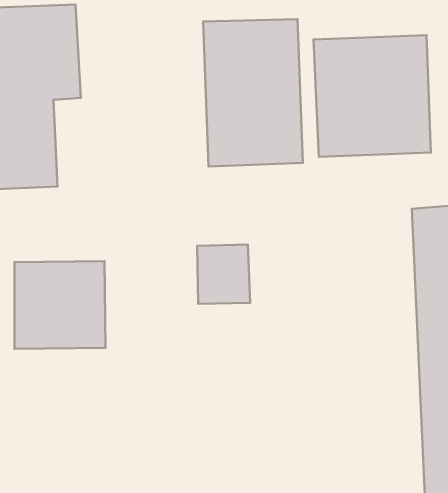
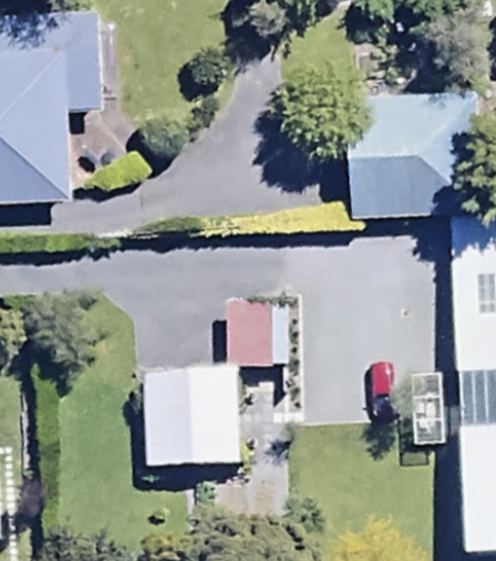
building: [203,19,303,167] -> none
building: [15,261,106,349] -> [143,346,238,438]

